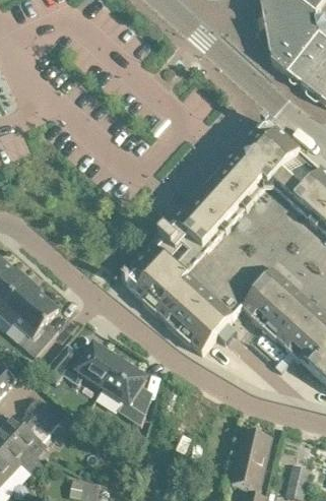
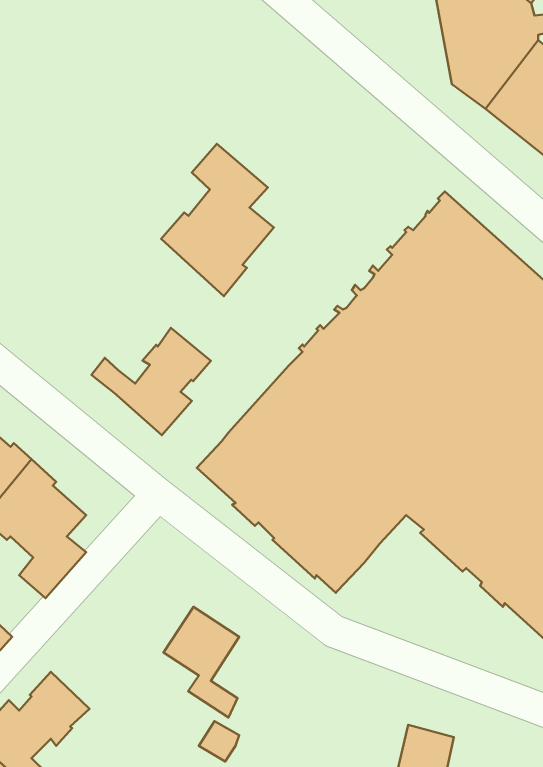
building: none -> [161,144,274,296]
building: none -> [91,328,211,435]
building: [44,342,121,387] -> none

